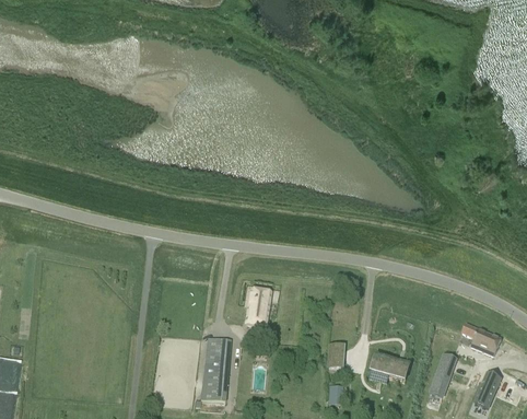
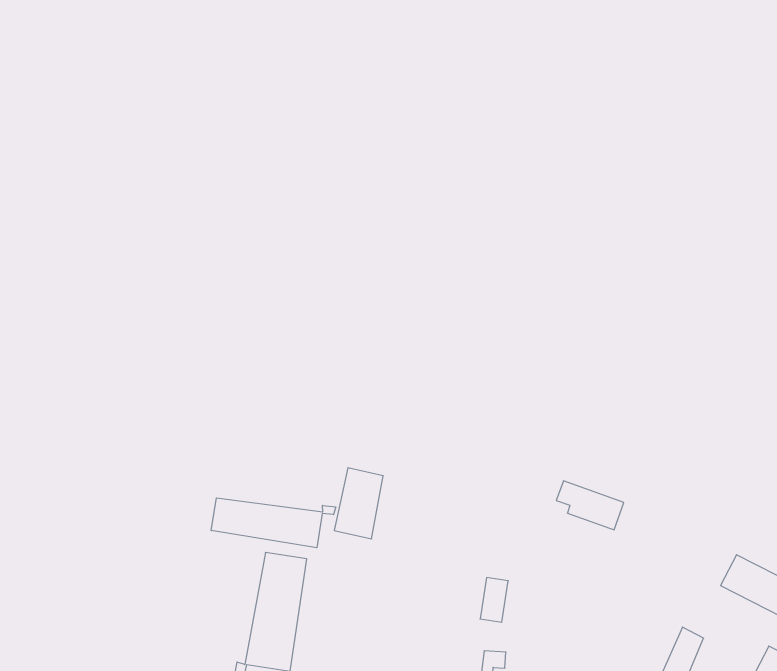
building: none -> [211,498,336,548]
building: [372,353,409,379] -> [556,481,624,530]

